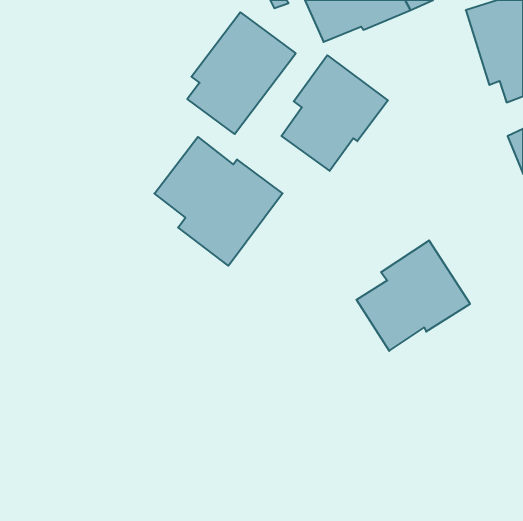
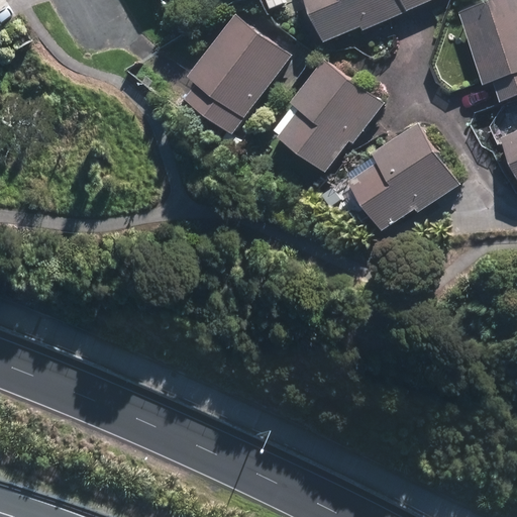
building: [154,137,283,266] -> none
building: [356,240,470,351] -> [348,121,460,230]

